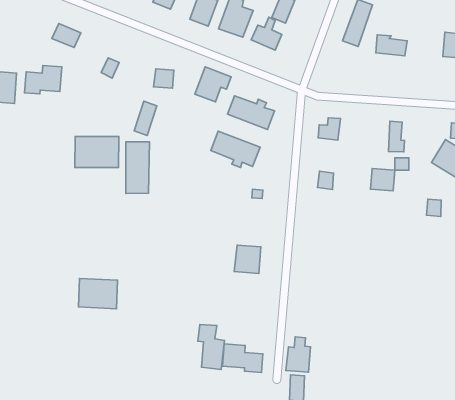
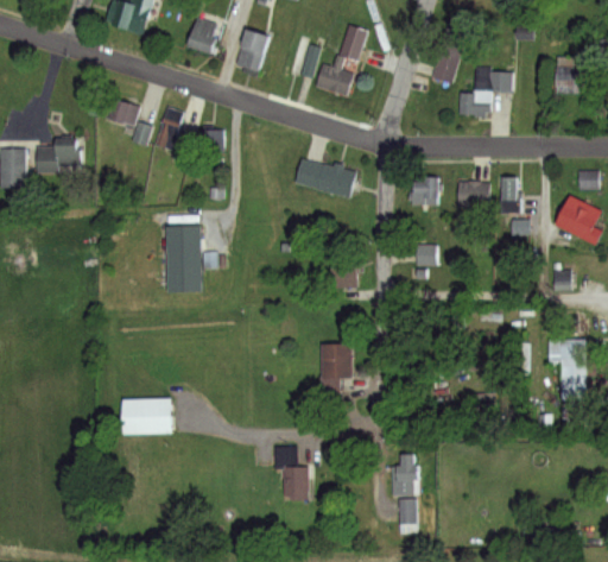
building: [52,24,81,48] -> [106,96,141,125]
building: none -> [461,95,494,118]
building: [195,67,231,102] -> none
building: [134,101,157,136] -> [159,106,185,149]
building: [211,131,260,167] -> none
building: [75,136,119,168] -> none
building: [370,169,395,191] -> [456,179,484,206]
building: none -> [546,339,584,402]
building: [222,344,263,373] -> none

